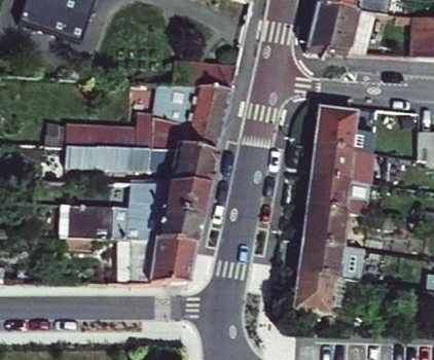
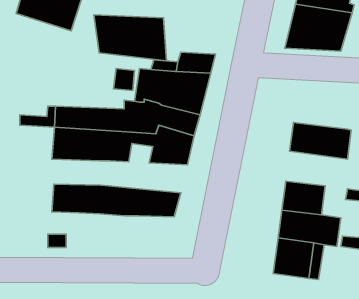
building: none -> [94,15,166,61]
building: [318,106,378,147] -> none
building: [310,171,375,210] -> none
building: [120,181,205,215] -> none
building: [111,238,190,282] -> none

